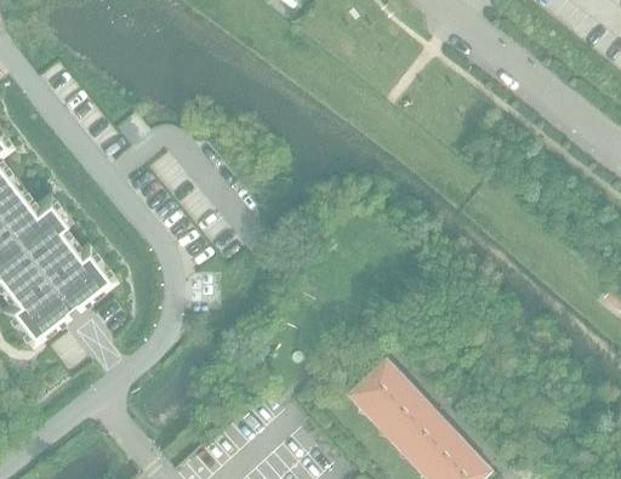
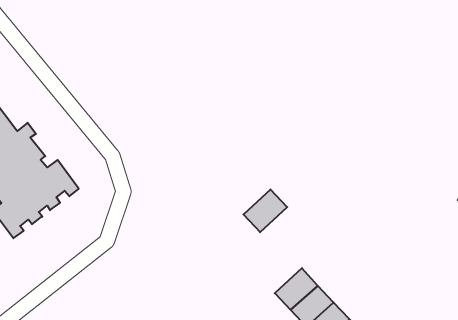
building: [348,360,405,416] -> [243,189,287,232]

